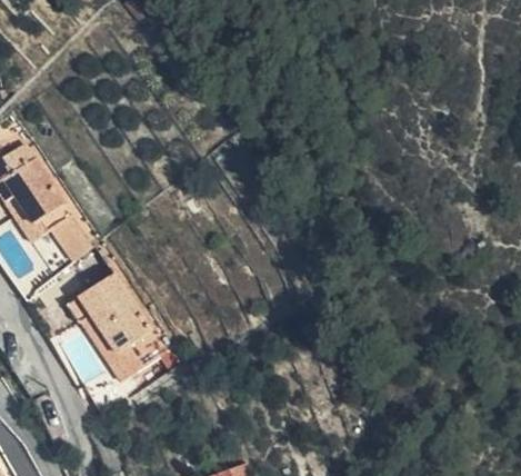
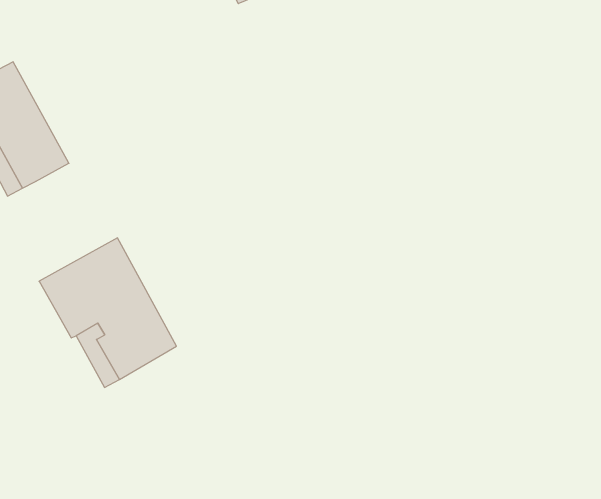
building: [52,216,98,264] -> none

